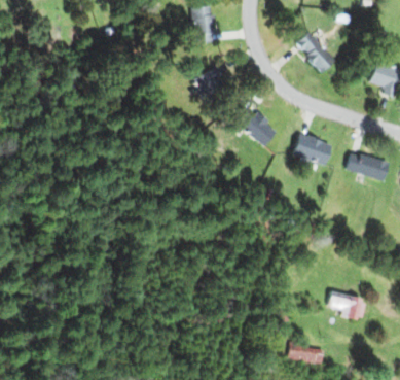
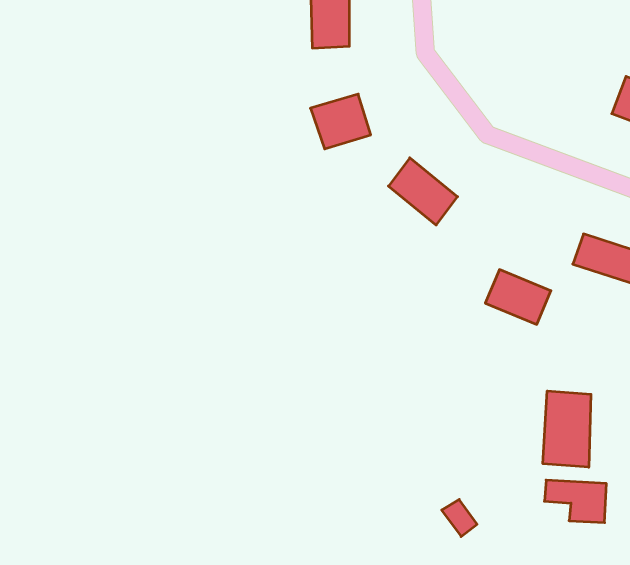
building: [296,32,335,71] -> none
building: [292,133,330,165] -> [485,270,551,324]
building: none -> [543,391,591,467]

